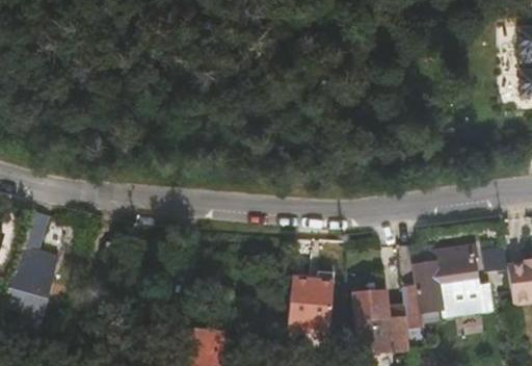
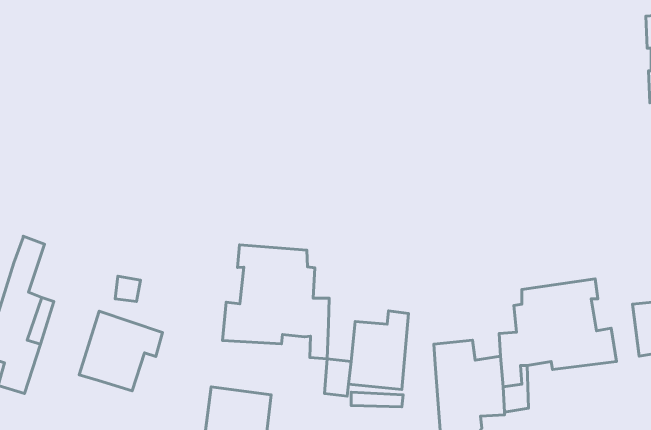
building: none -> [222,245,329,359]
building: none -> [79,311,163,391]

